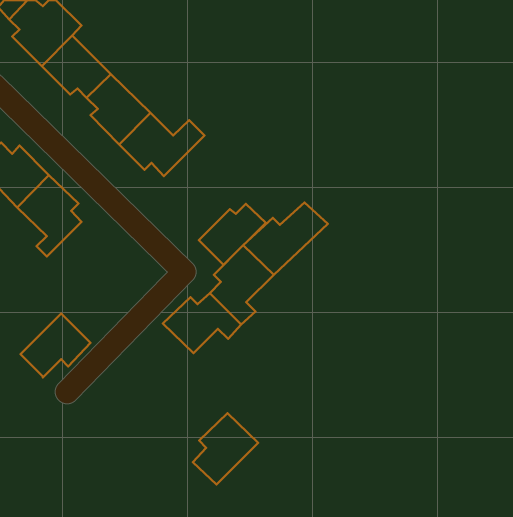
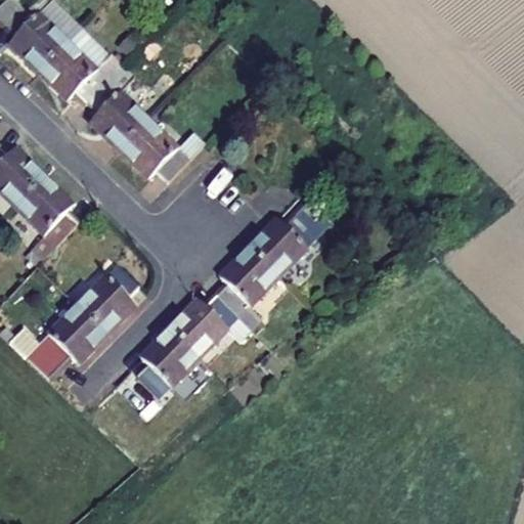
building: [199,204,266,265] -> none
building: none -> [61,274,128,348]
building: [193,413,258,484] -> [129,329,194,400]

